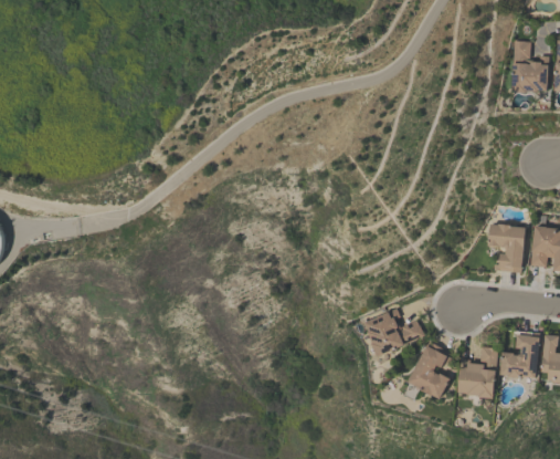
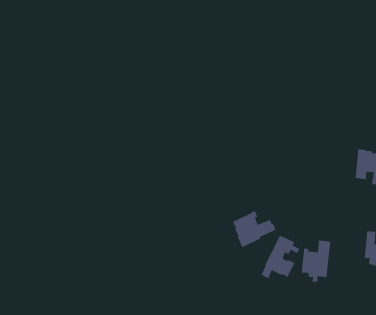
building: [510,40,549,92] -> none
building: [487,223,526,272] -> none
building: [499,335,540,378] -> none

